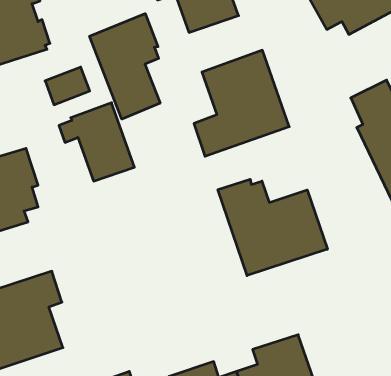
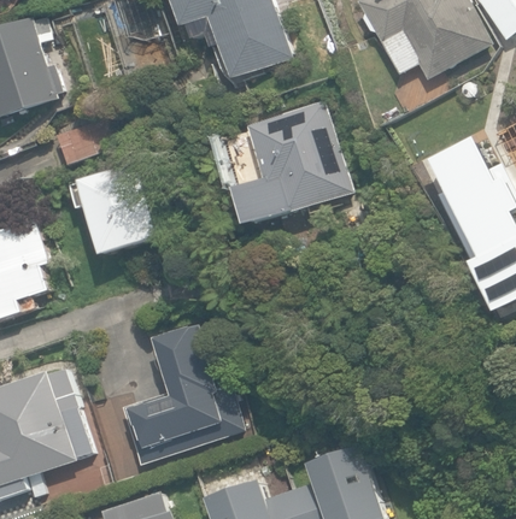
building: [90,14,160,119] -> none
building: [218,179,327,276] -> none
building: none -> [119,325,250,464]

